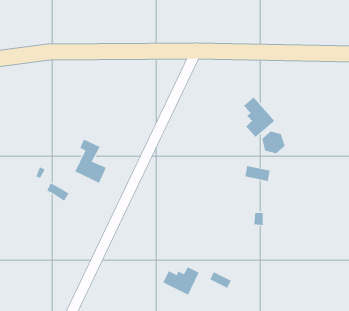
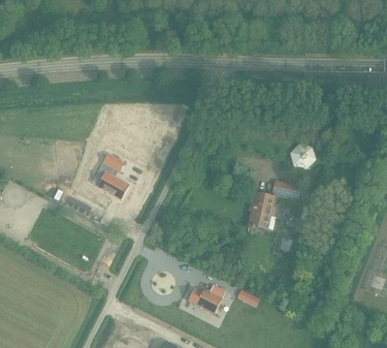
building: [243,97,275,138] -> none
building: none -> [249,192,273,228]

